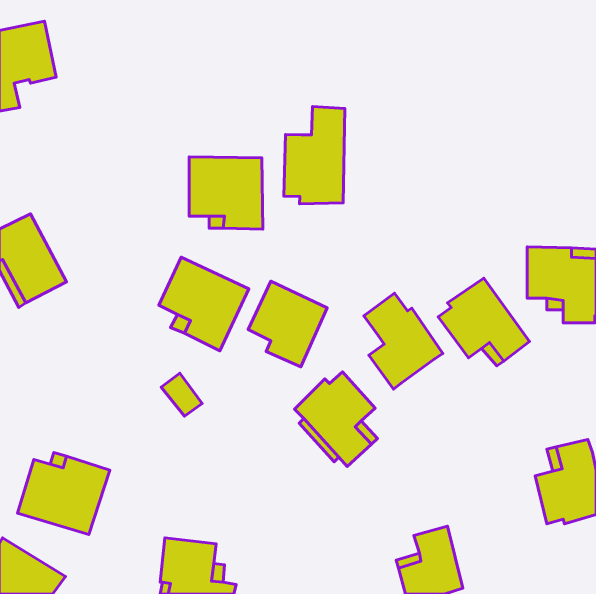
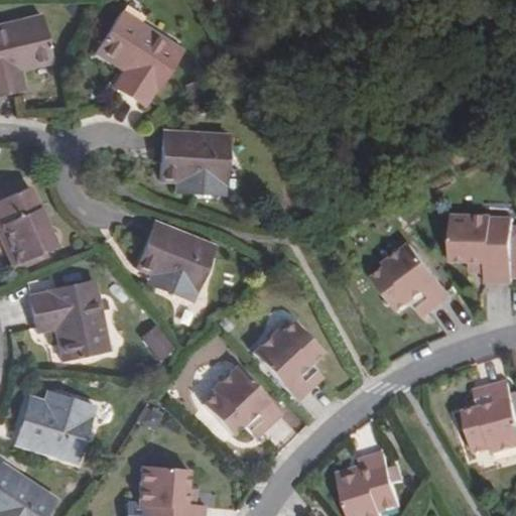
building: none -> [93,12,178,108]
building: [284,107,345,204] -> none
building: [248,281,327,367] -> none
building: [364,293,443,389] -> none
building: none -> [30,279,109,360]
building: none -> [201,367,281,439]

